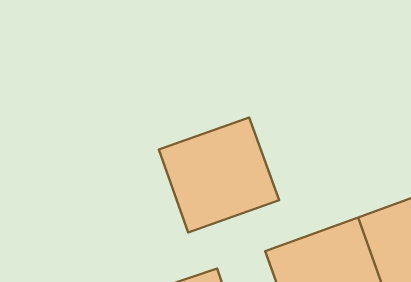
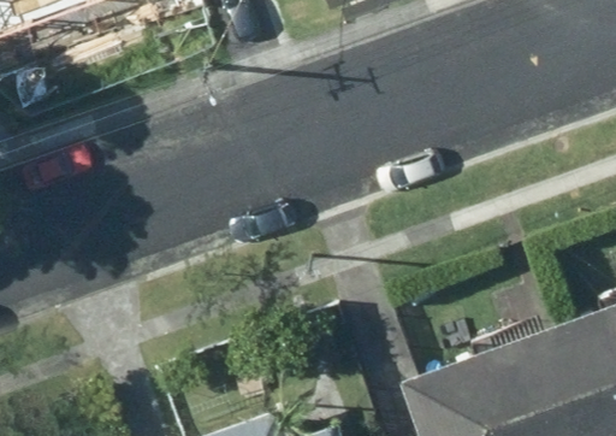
building: [159,117,279,233] -> none

